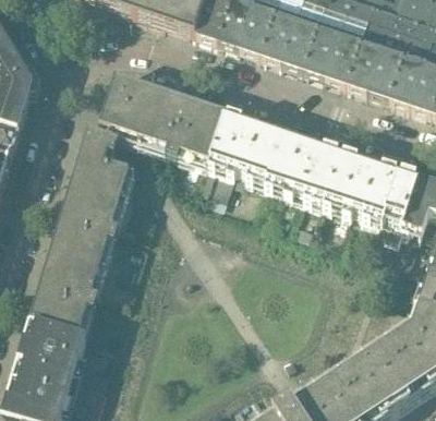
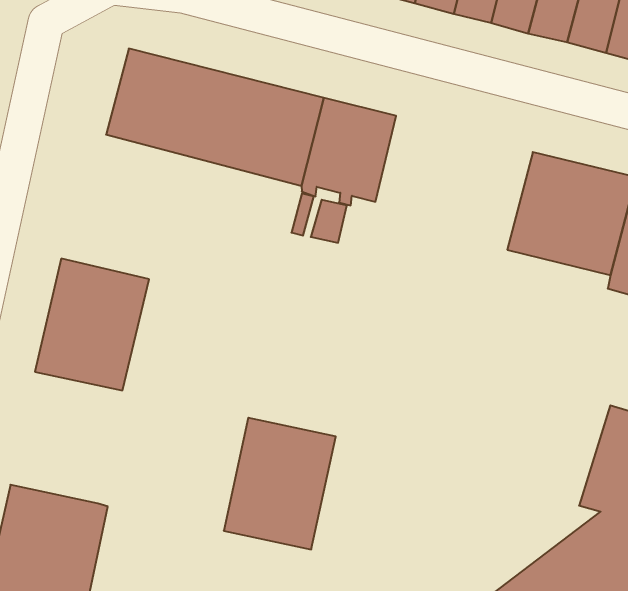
building: [246,123,340,204] -> none
building: [68,127,128,206] -> none
building: [29,254,97,332] -> [224,418,336,549]

